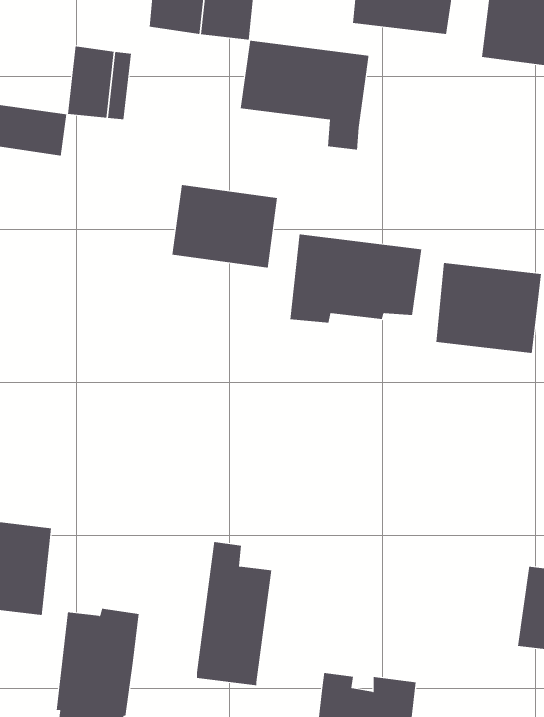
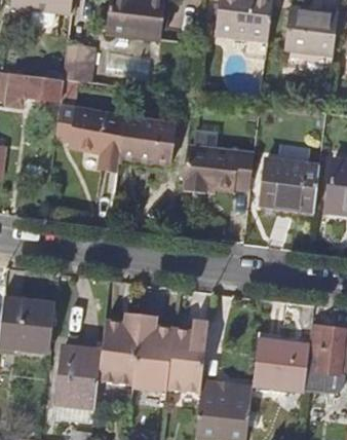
building: [240,40,369,150] -> [54,109,124,169]
building: none -> [99,310,142,382]
building: none -> [165,319,208,391]
building: none -> [253,341,309,389]

